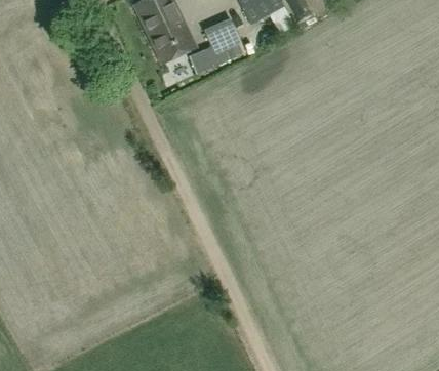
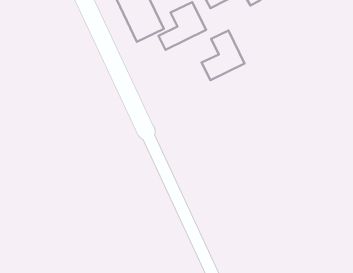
building: none -> [202,30,245,80]

